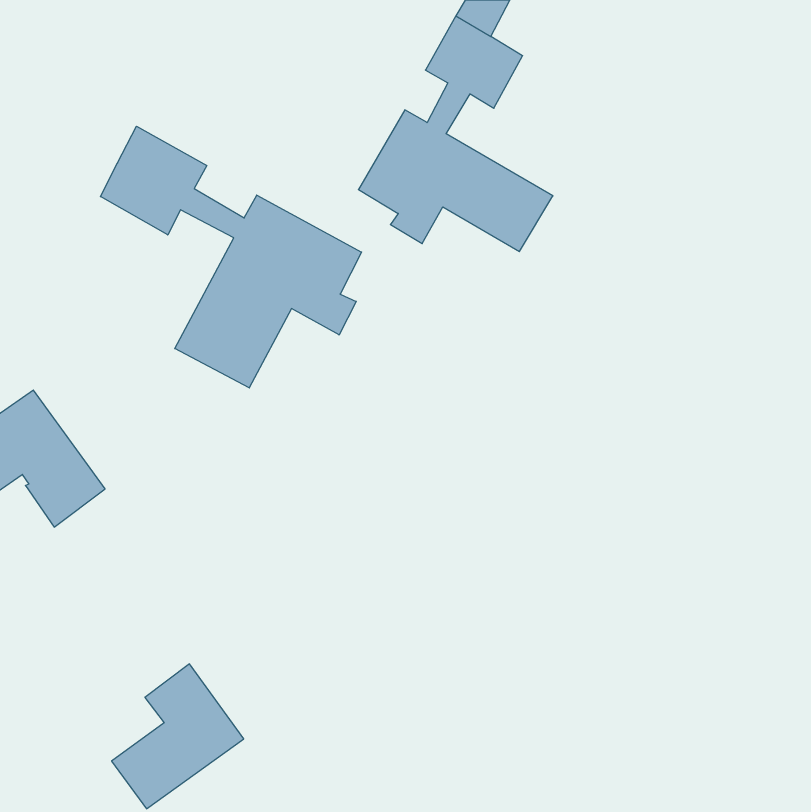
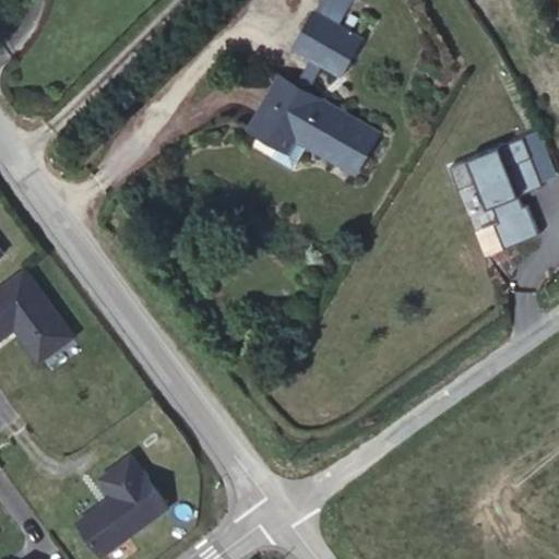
building: [100,126,362,388] -> none
building: none -> [451,138,544,250]

